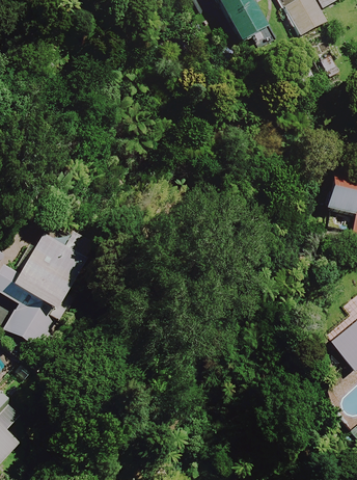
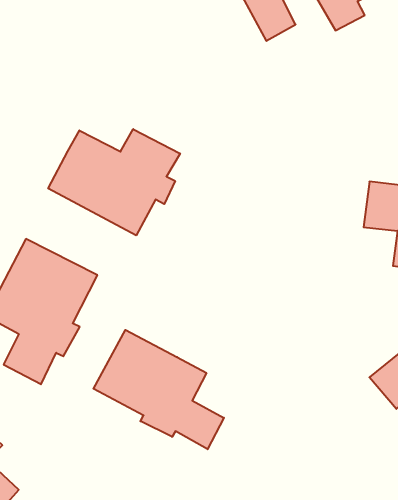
building: none -> [48,129,180,235]
building: none -> [93,330,224,449]

